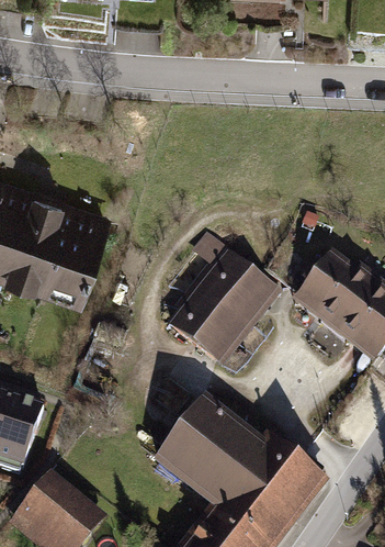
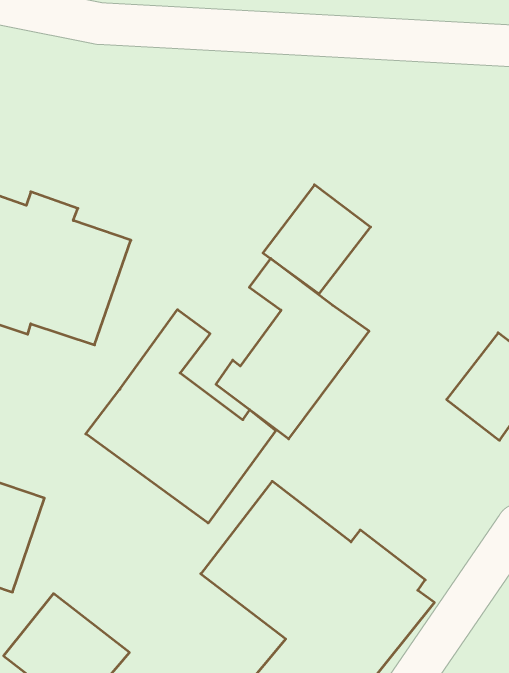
building: [295,256,373,335] -> [263,185,371,294]
building: none -> [86,310,276,523]

